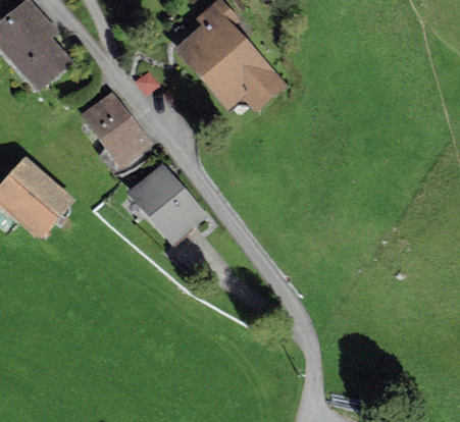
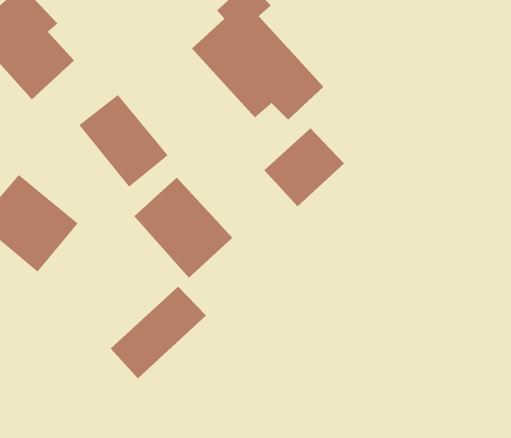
building: none -> [264,127,345,207]
building: none -> [110,286,207,379]

